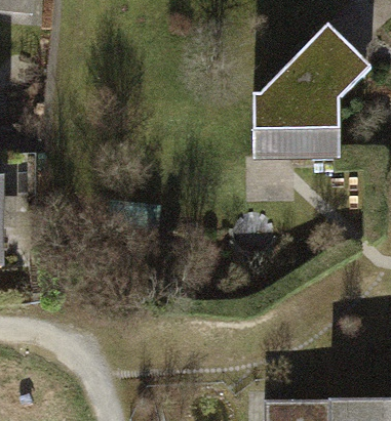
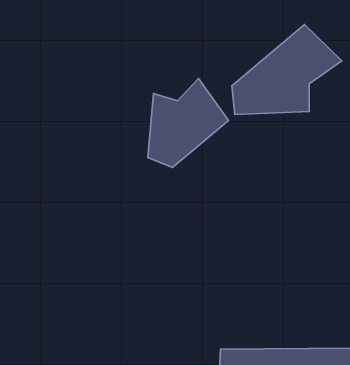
building: none -> [148,79,229,168]

